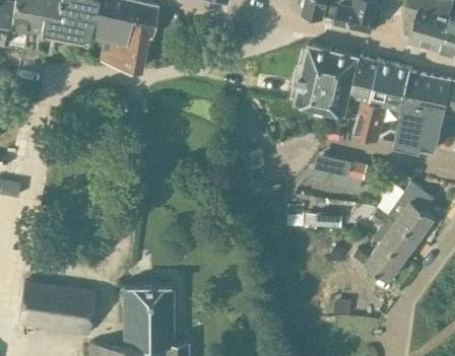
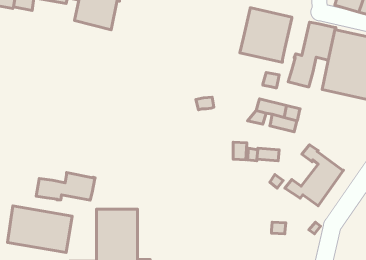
building: [345,57,378,109] -> none
building: [378,182,434,237] -> none
building: none -> [36,173,95,200]

